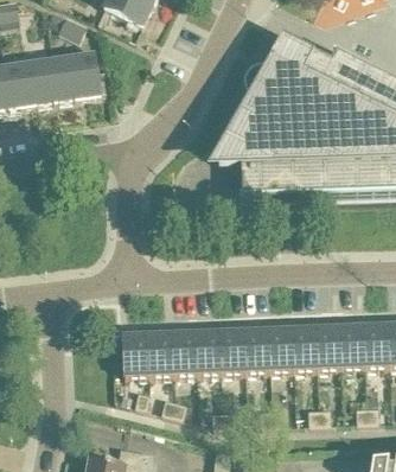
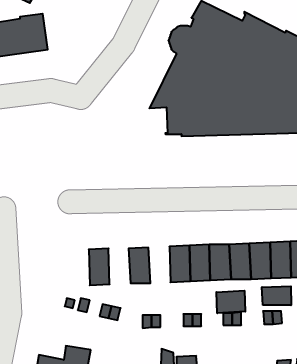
building: [218,327,244,371] -> none
building: [171,330,197,372] -> none
building: [122,331,148,375] -> none
building: none -> [262,286,291,305]
building: none -> [216,291,245,313]

